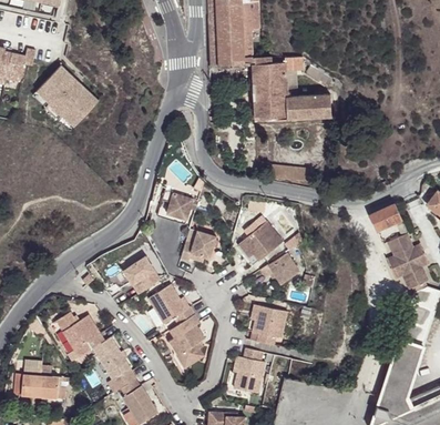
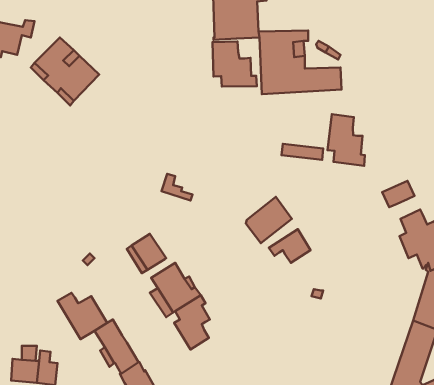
building: none -> [212,42,257,86]
building: none -> [328,114,365,166]
building: [164,188,195,217] -> none
building: [182,229,218,260] -> none
building: [254,303,289,343] -> none
building: [237,346,268,391] -> none

